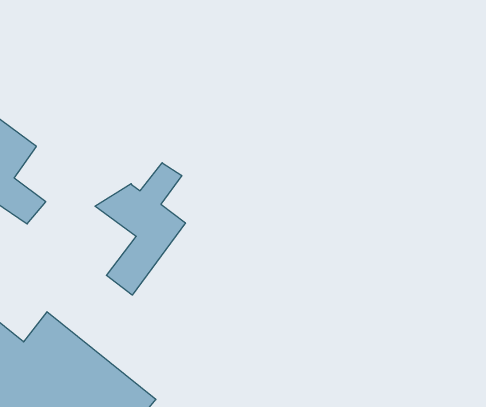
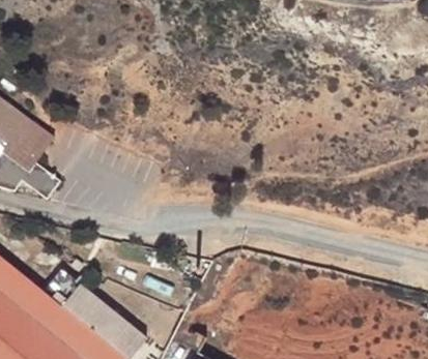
building: [95,163,185,295] -> none

